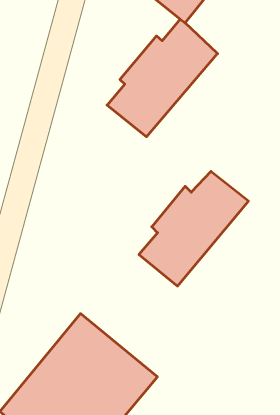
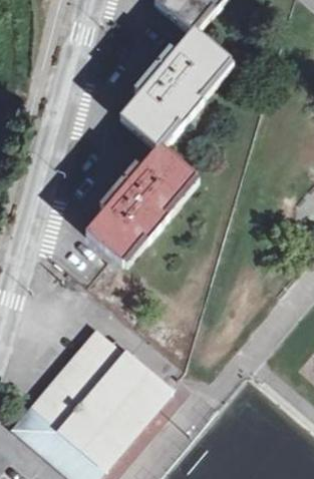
building: [139,171,248,286] -> [87,148,199,265]

